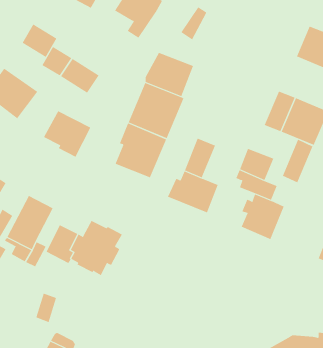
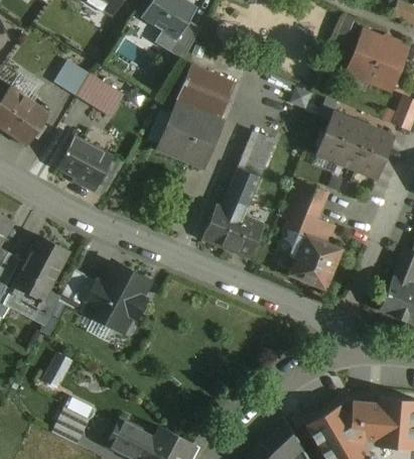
building: [181,7,207,40] -> [169,21,200,61]
building: [22,24,57,58] -> none
building: none -> [238,131,275,178]
building: [115,122,167,178] -> none
building: [282,139,313,183] -> none

